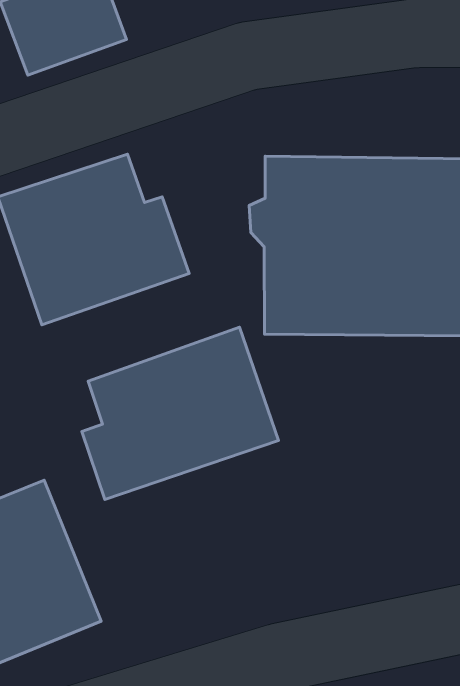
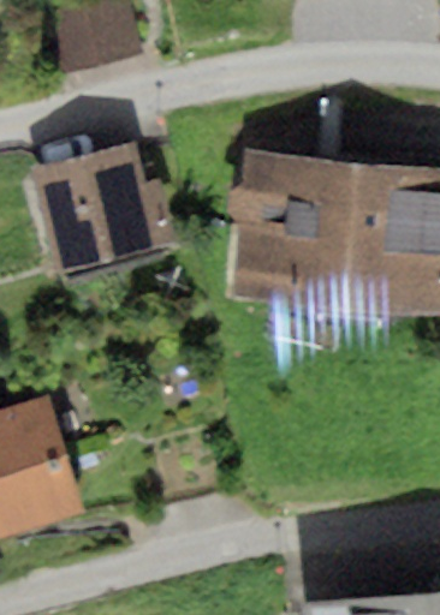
building: [82,327,278,499] -> none

